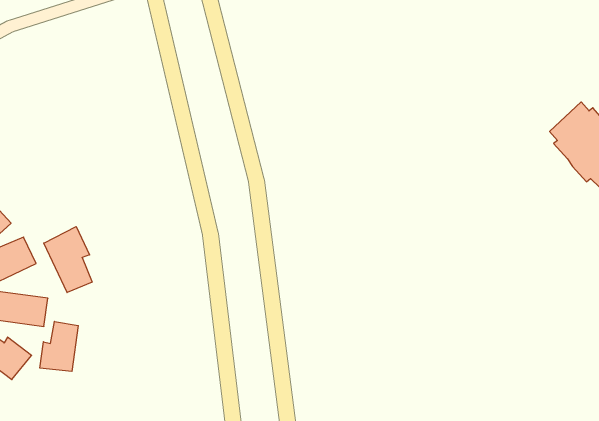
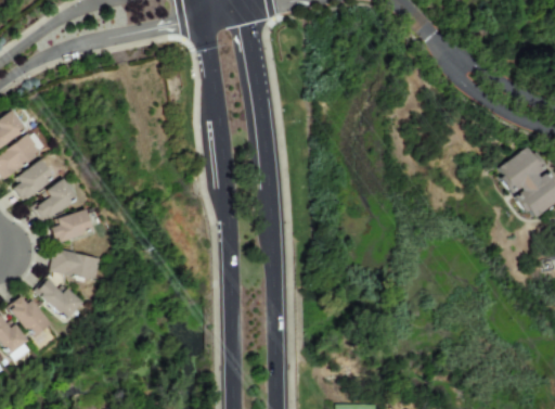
building: [44,227,92,293] -> none
building: [40,321,78,371] -> none

